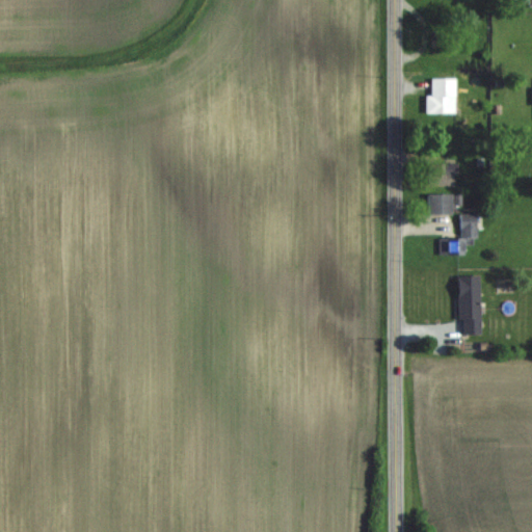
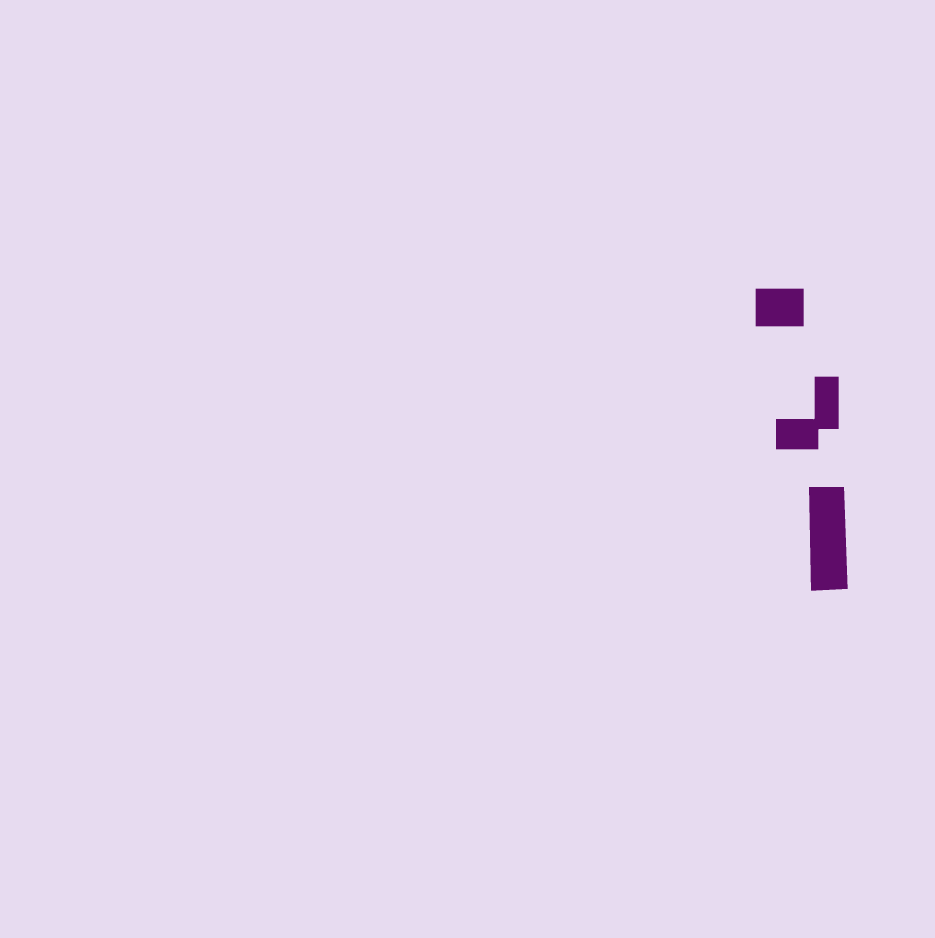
building: [427,79,457,113] -> none
building: [429,194,453,214] -> none

